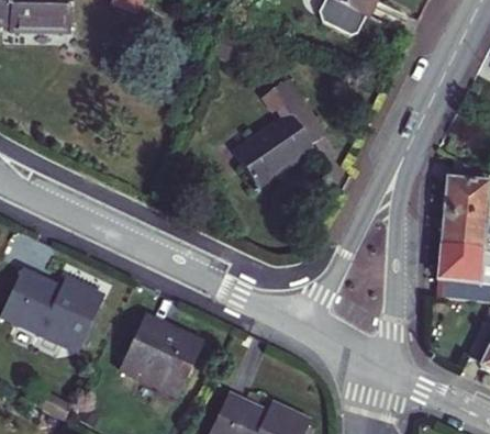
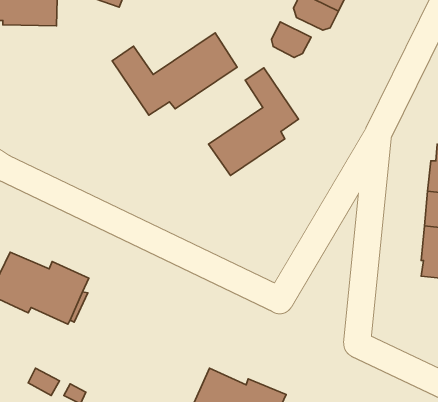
building: none -> [271,22,311,57]
building: none -> [112,33,237,115]
building: [119,315,200,396] -> none

